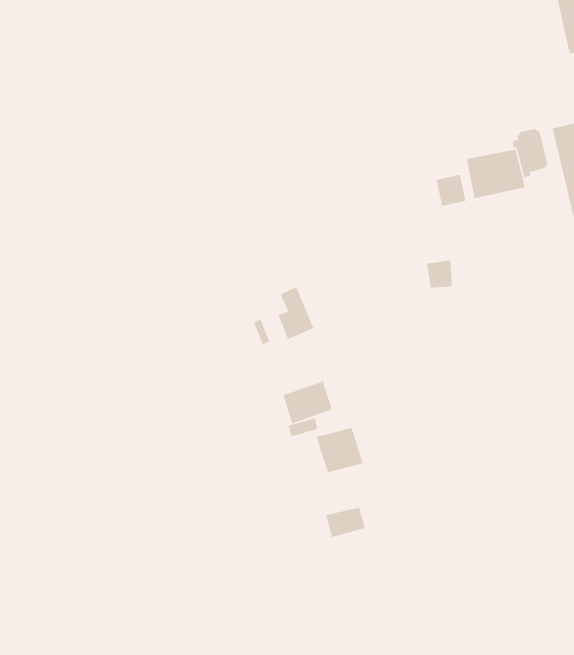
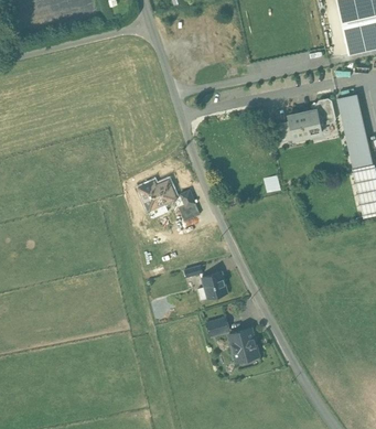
building: none -> [139,181,175,210]
building: [283,380,332,424] -> none
building: none -> [229,328,258,362]

